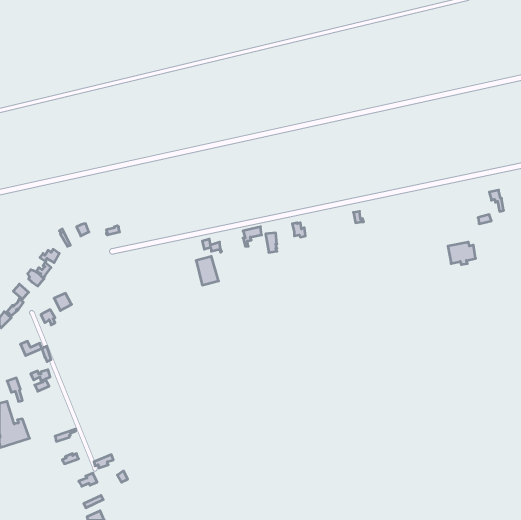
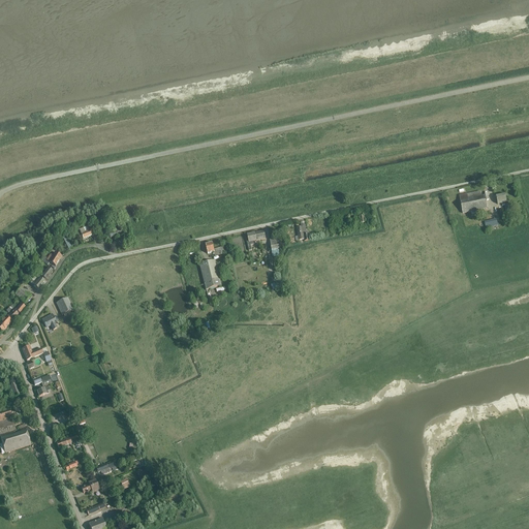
building: [448,242,476,265] -> [458,190,486,213]

